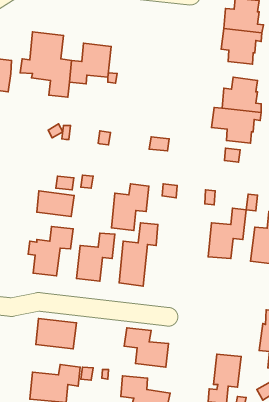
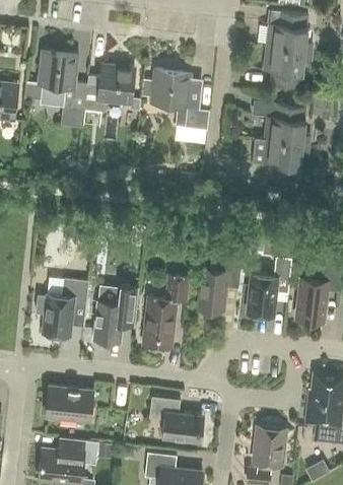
building: none -> [141,70,210,129]
building: [111,184,149,231] -> [198,256,242,310]
building: [37,191,74,217] -> none

